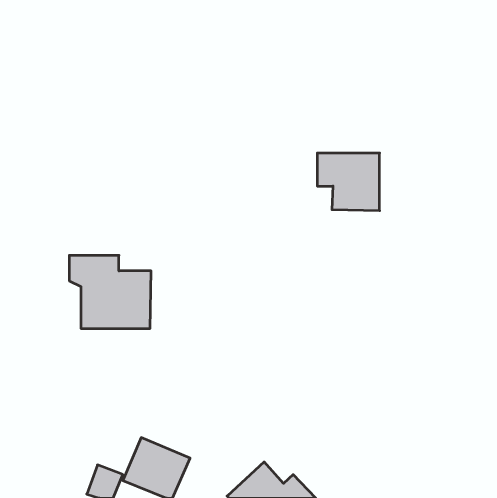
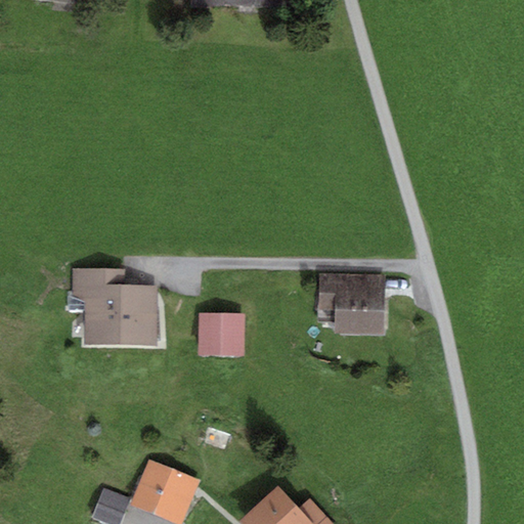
building: [317,153,380,211] -> [319,275,385,336]
building: none -> [198,313,244,356]

